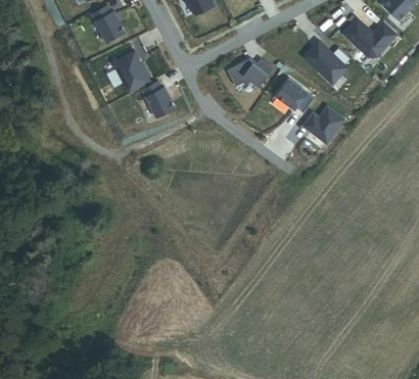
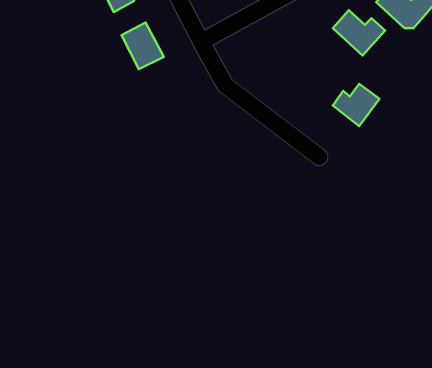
building: [227,58,272,87] -> none
building: [277,80,314,112] -> none
building: [142,81,175,117] -> none

